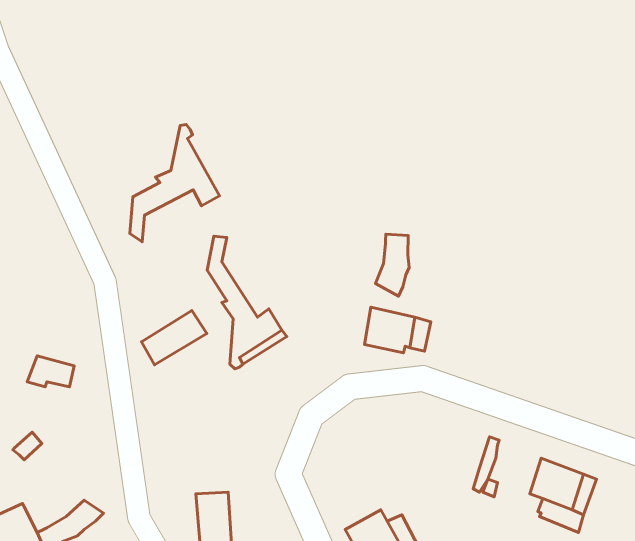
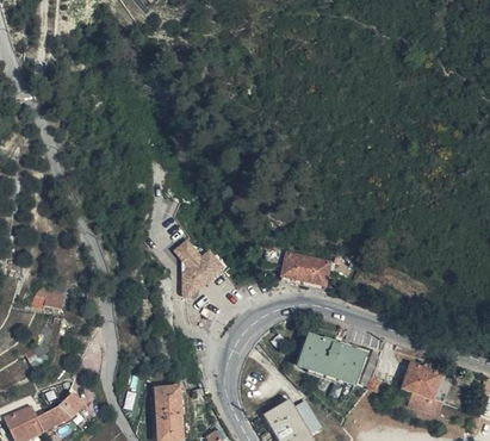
building: [130,124,220,242] -> none
building: [375,234,409,296] -> none
building: [142,310,207,365] -> none
building: none -> [294,330,362,384]

